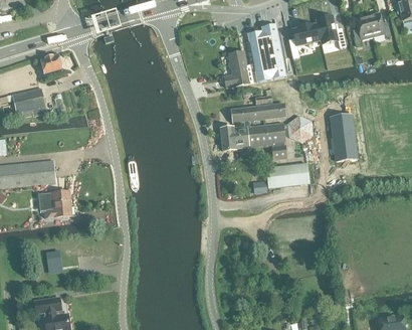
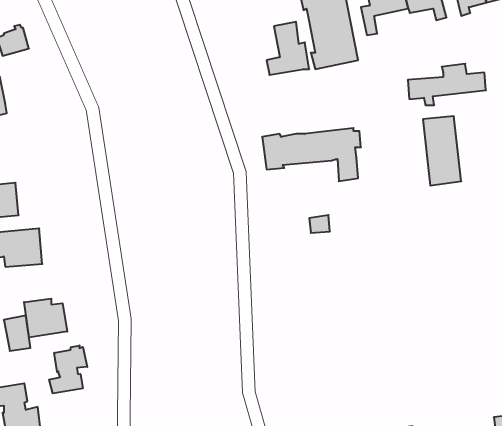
building: [231,98,284,126] -> [408,64,486,105]
building: [286,116,311,142] -> none
building: [265,162,307,187] -> none
building: none -> [24,299,67,337]
building: none -> [49,345,87,393]

